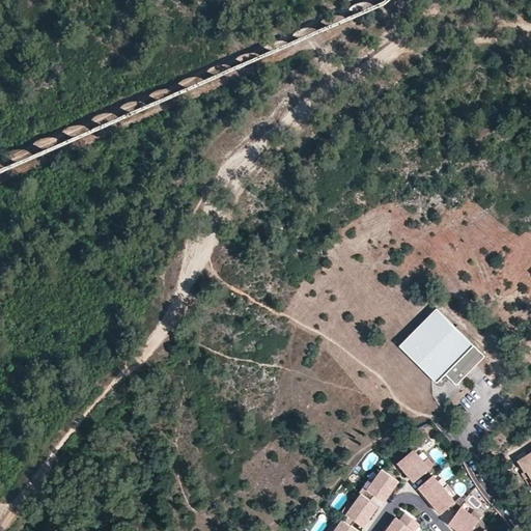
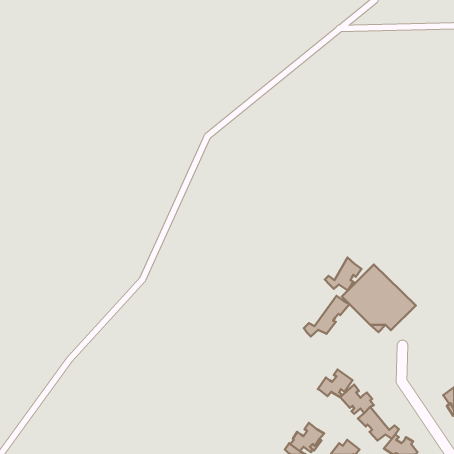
building: none -> [325,258,362,291]
building: none -> [304,296,350,336]
building: [358,470,398,502] -> [318,369,353,397]

